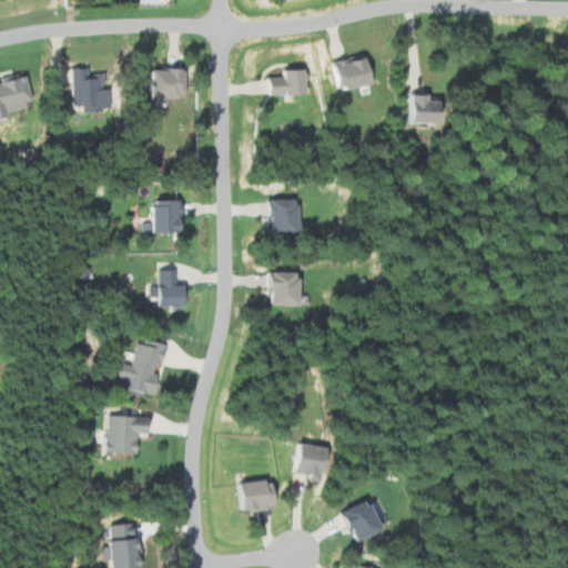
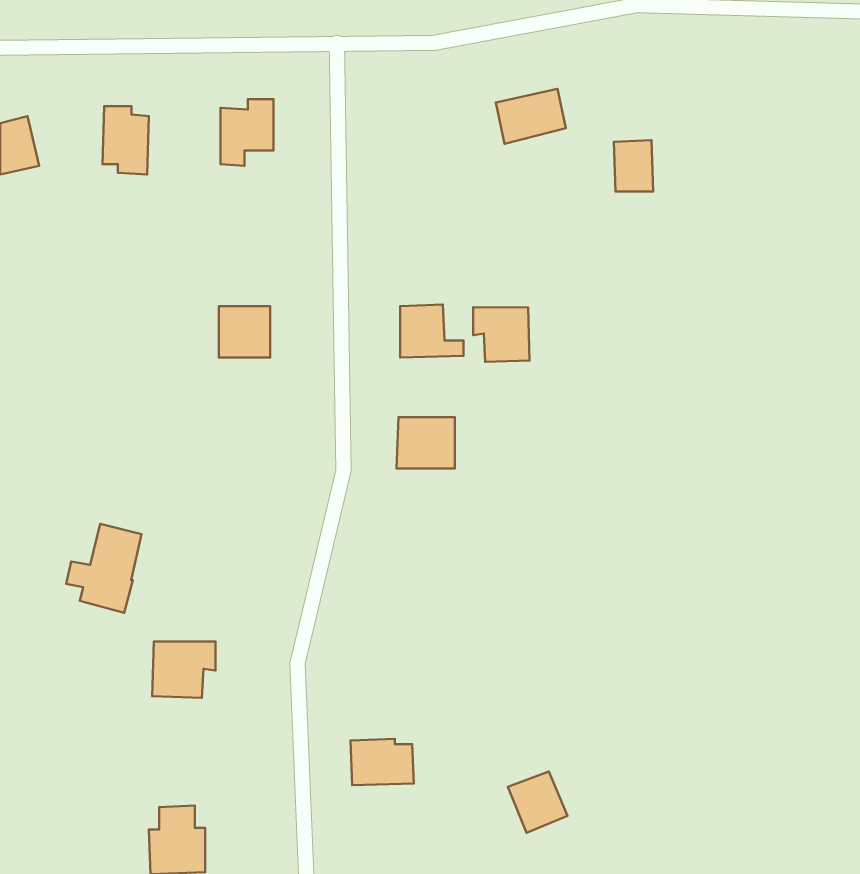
building: [268,70,306,97] -> none
building: none -> [473,307,530,362]
building: [154,270,181,306] -> none
building: [118,337,166,395] -> [66,524,141,613]
building: [291,440,328,477] -> none

